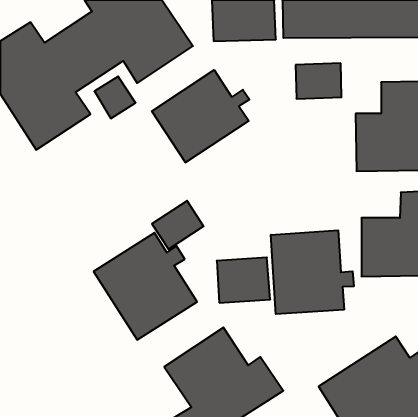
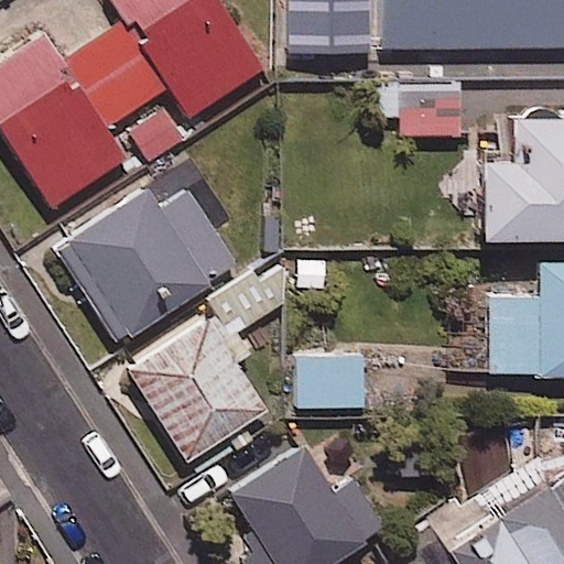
building: [152,70,249,163] -> none
building: none -> [56,188,236,335]
building: [271,230,354,314] -> none

